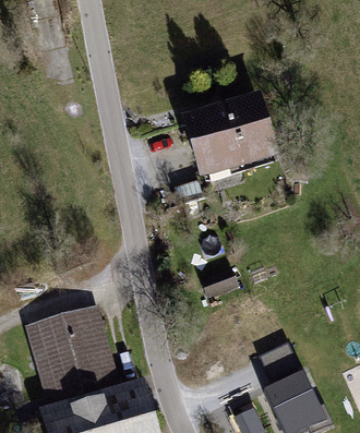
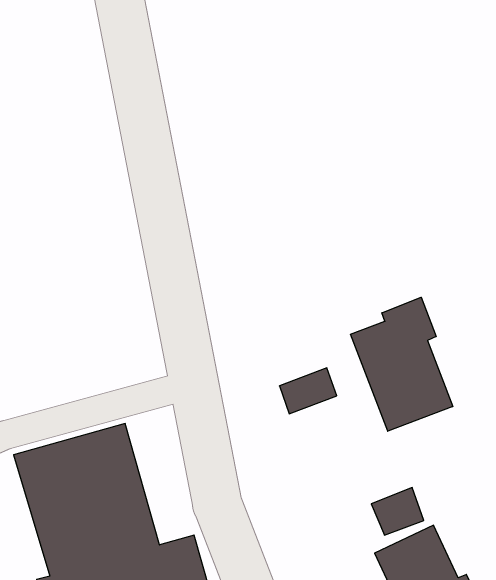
building: [181,91,281,179] -> none
building: none -> [351,297,453,431]

